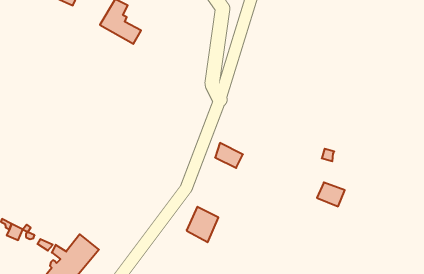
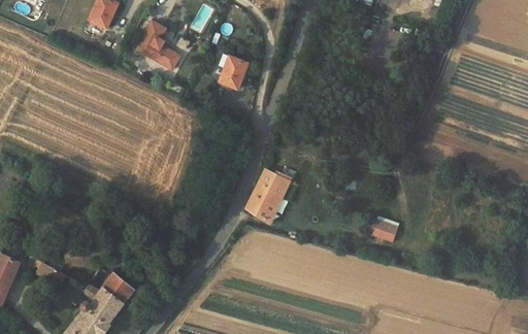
building: none -> [218,53,248,90]
building: [187,207,218,242] -> [248,191,282,229]

